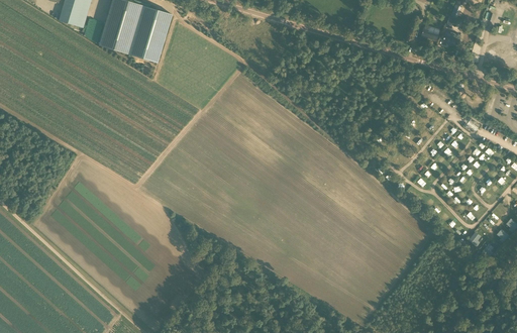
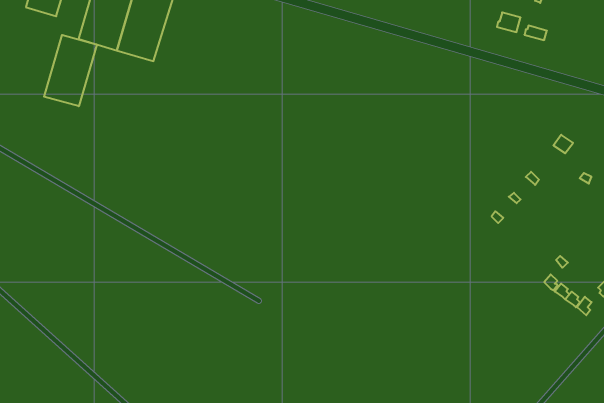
building: none -> [44,35,97,106]

